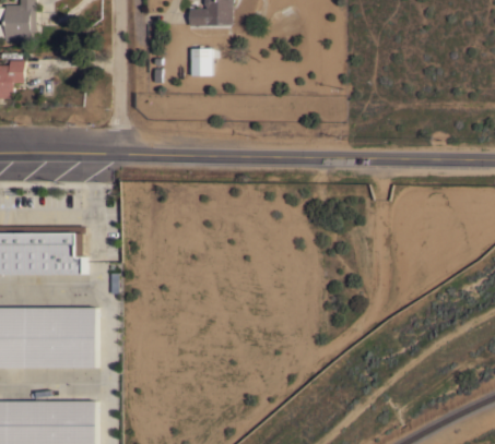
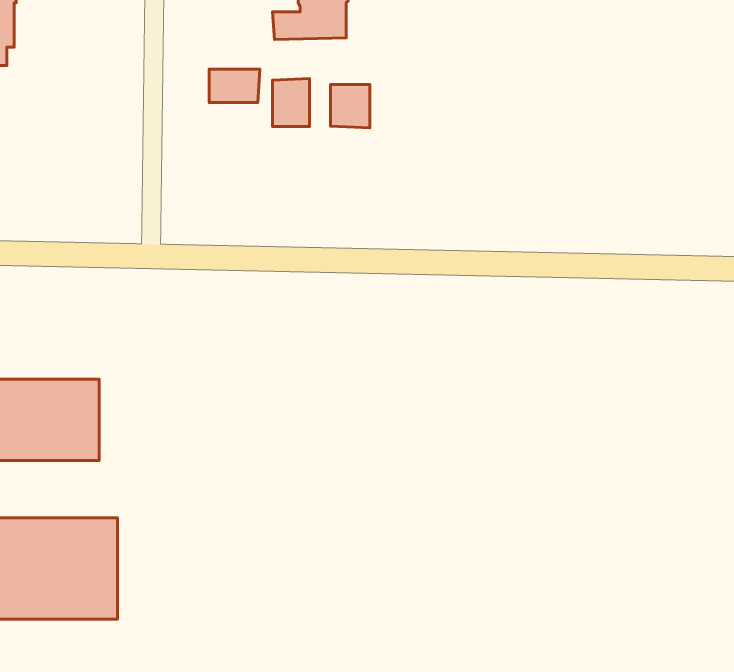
building: none -> [209,69,260,103]
building: none -> [330,84,370,128]

